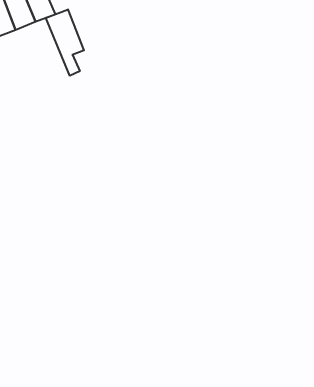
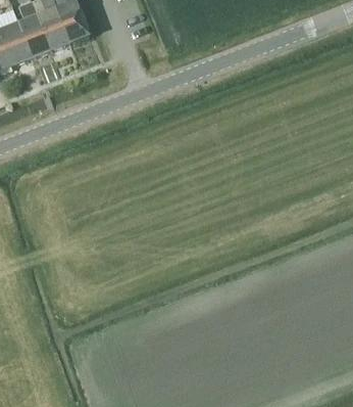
building: [46,9,84,76] -> none

